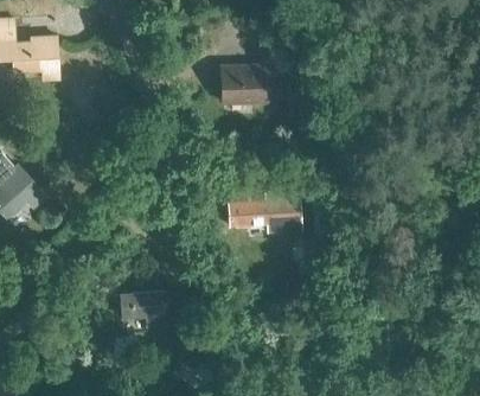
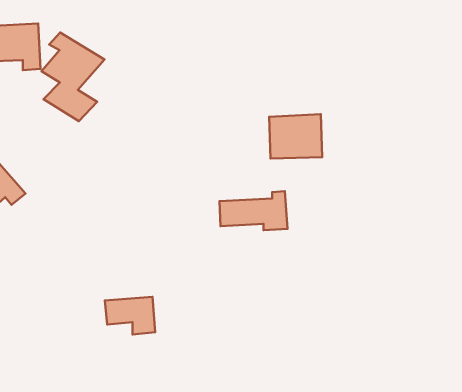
building: none -> [42,33,104,121]
building: [218,63,268,104] -> [269,114,322,158]

